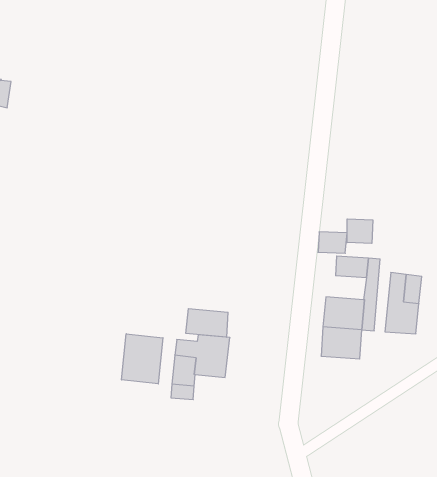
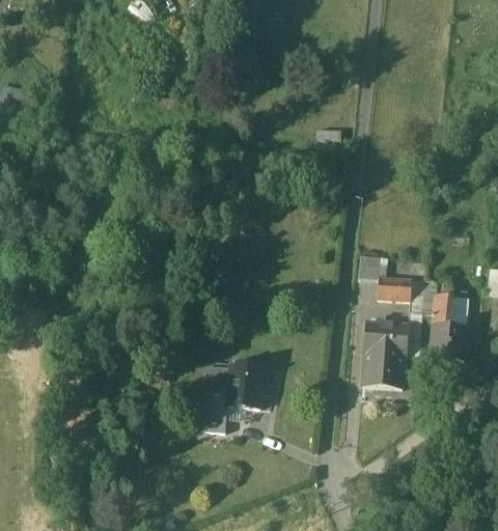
building: [347,219,373,243] -> none
building: [186,309,228,337] -> none
building: [122,334,163,384] -> none

